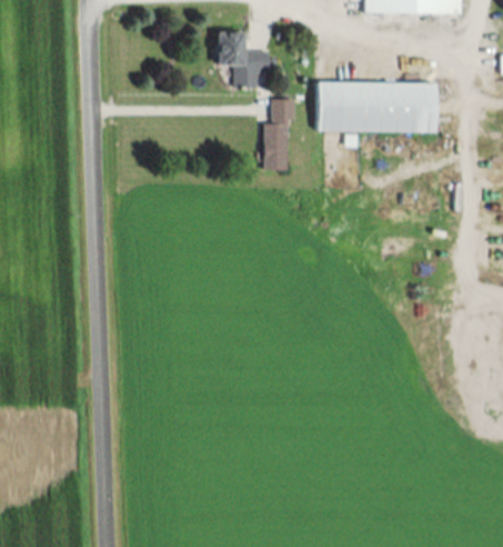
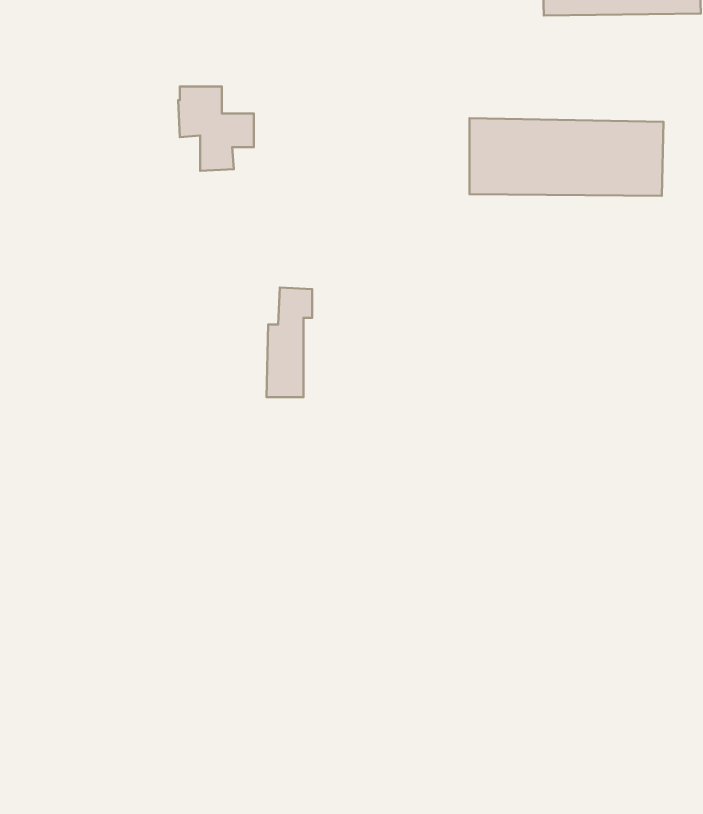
building: [220,32,270,88] -> [178,87,254,171]
building: [263,99,293,171] -> [266,288,312,397]

